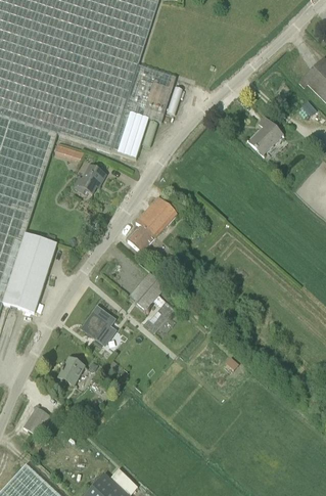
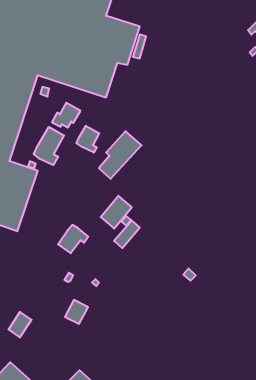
building: [249,115,282,153] -> none
building: none -> [76,126,99,153]
building: none -> [34,127,64,165]
building: [57,356,84,384] -> [65,300,88,324]

